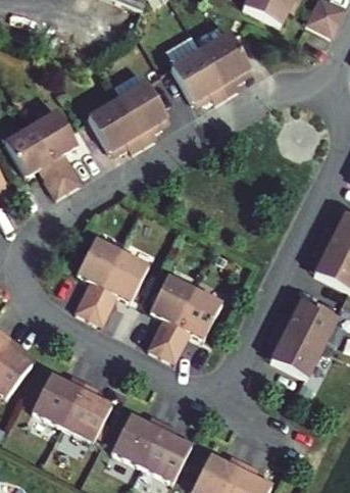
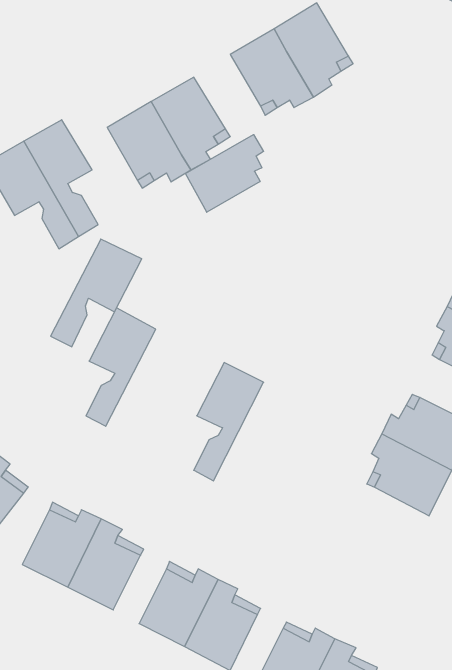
building: none -> [186,135,264,212]
building: [88,253,149,326] -> [51,239,142,347]
building: [160,289,220,362] -> none

